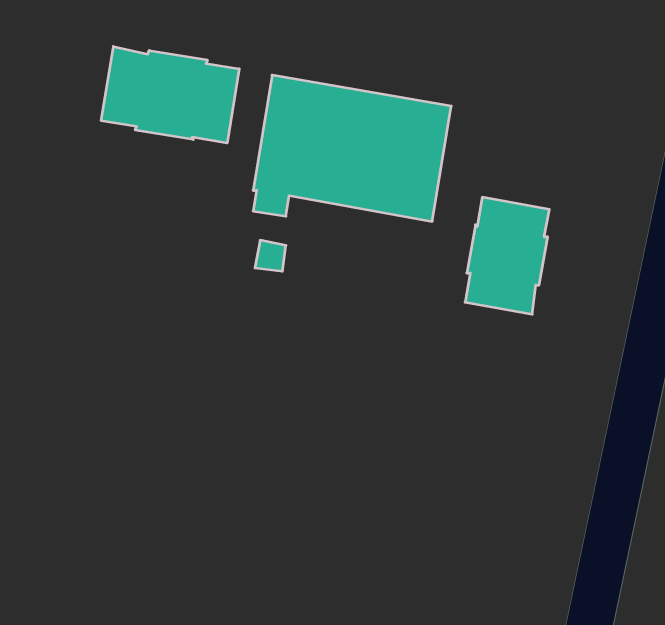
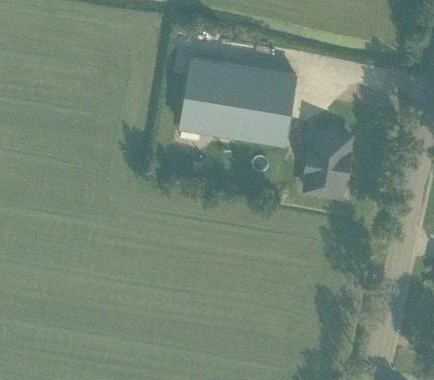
building: [101,46,239,143] -> none

